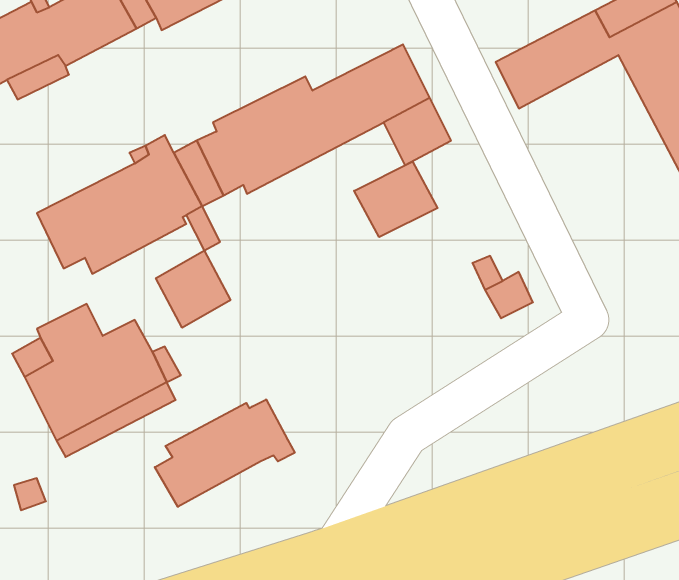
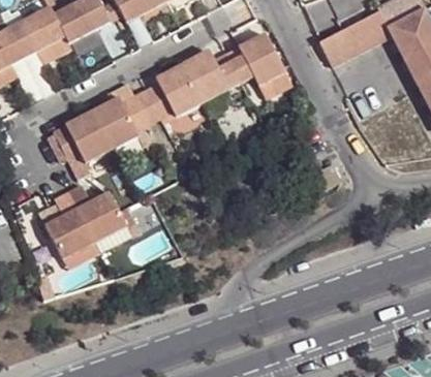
building: [354,162,438,237] -> none
building: [156,251,230,328] -> none
building: [155,399,295,507] -> none

